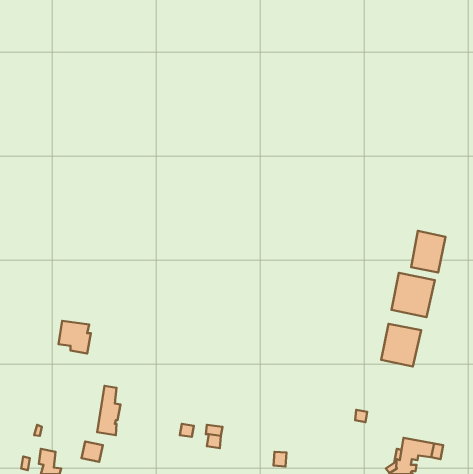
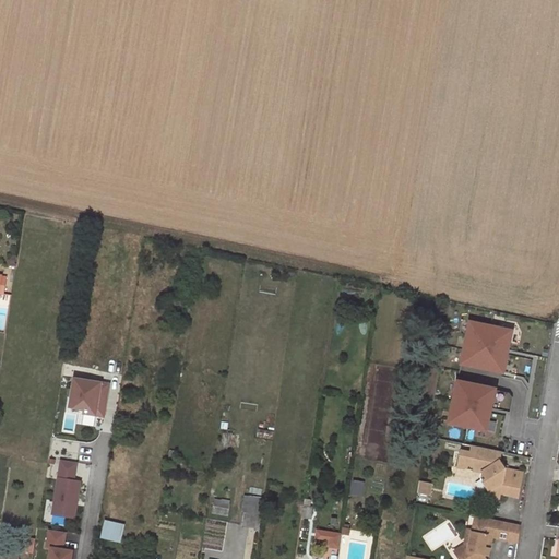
building: [411,231,446,273] -> none
building: none -> [456,445,522,500]
building: [97,386,120,435] -> [52,460,80,518]

